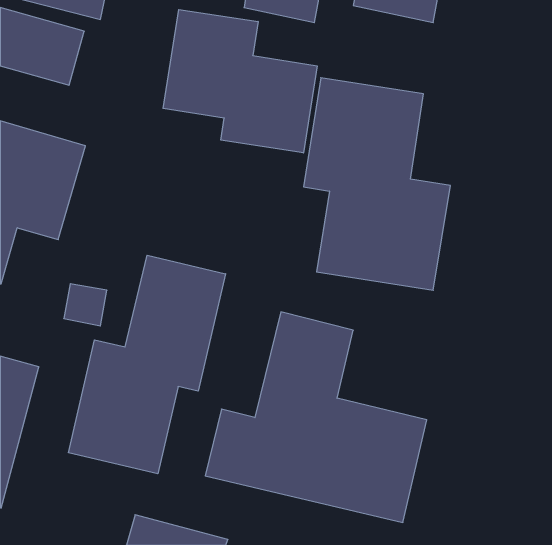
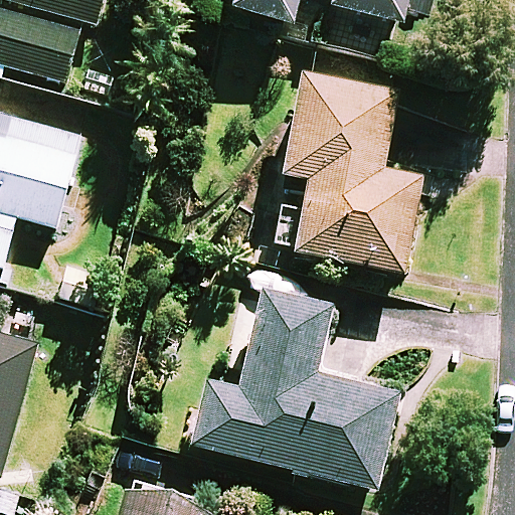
building: [163,10,317,153] -> none
building: [69,255,226,474] -> none

